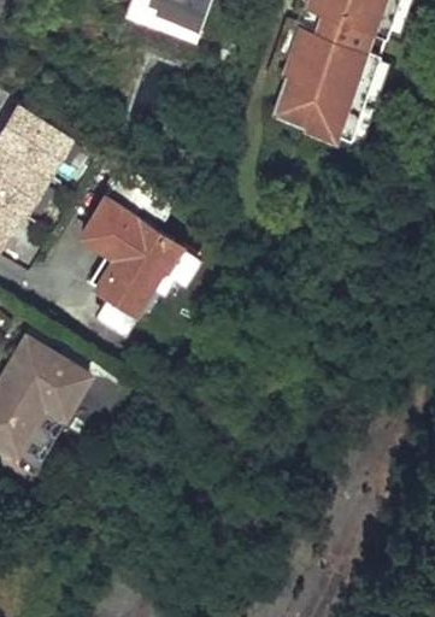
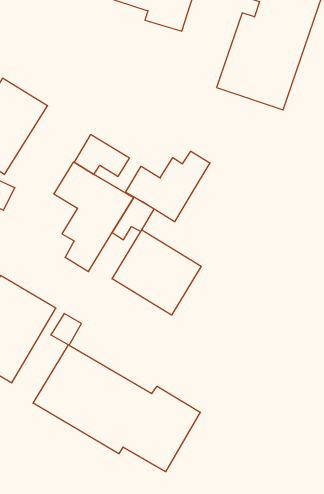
building: none -> [126,151,210,222]
building: none -> [112,230,201,315]
building: none -> [33,345,200,472]

